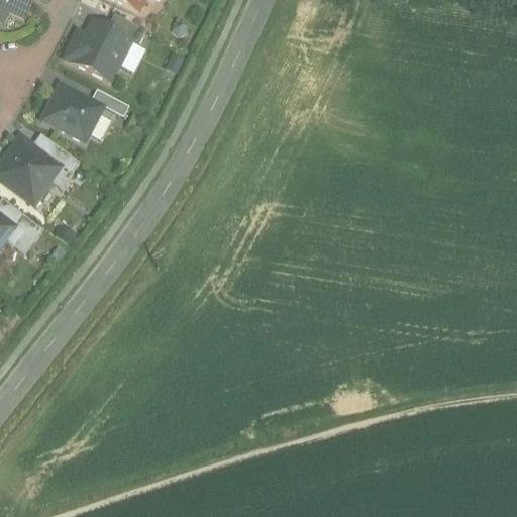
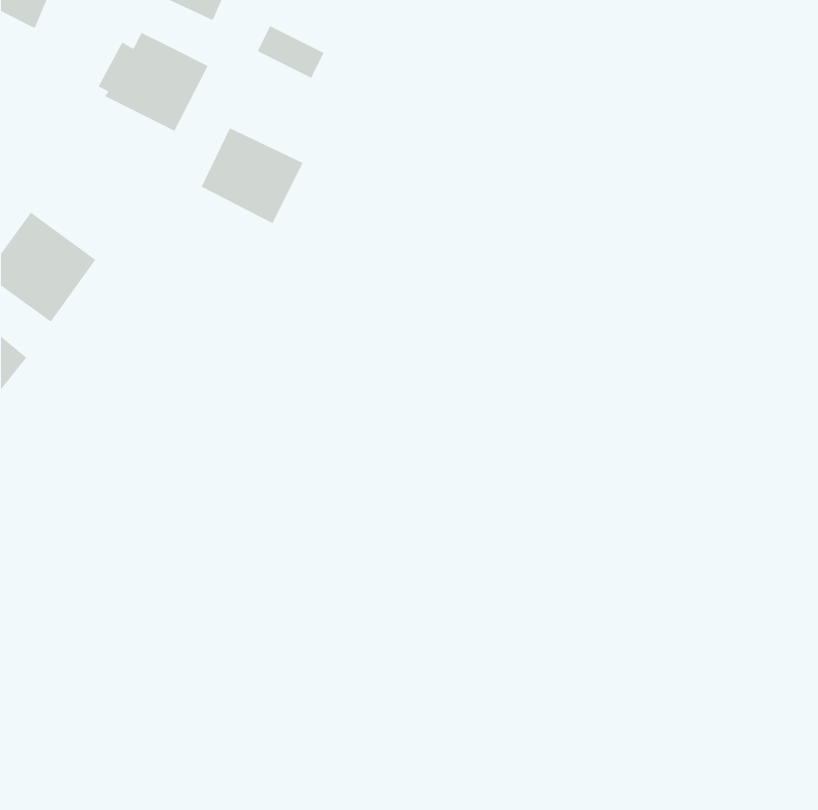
building: [106,12,148,45] -> [257,26,324,78]
building: [40,81,105,141] -> [201,128,303,224]

